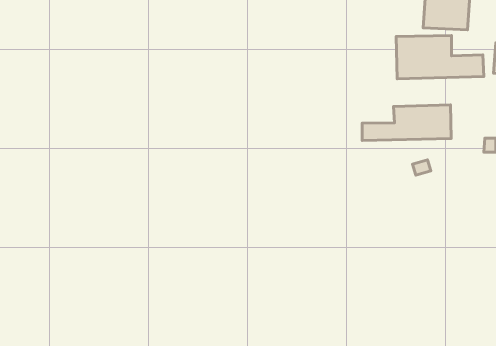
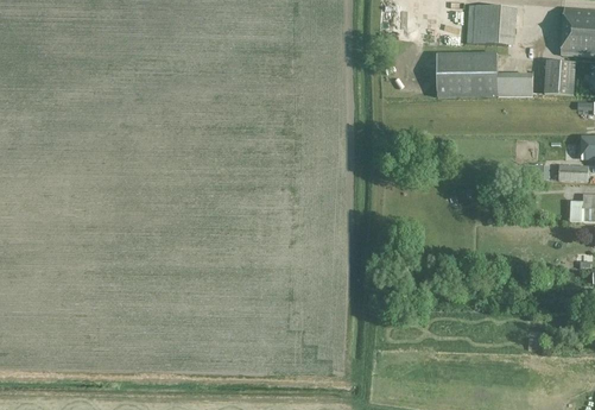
building: [362,105,451,141] -> none

